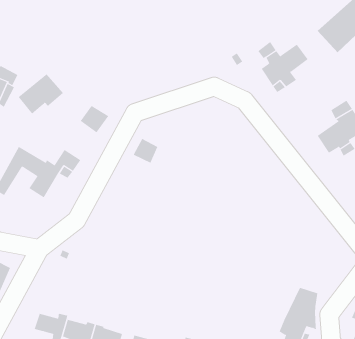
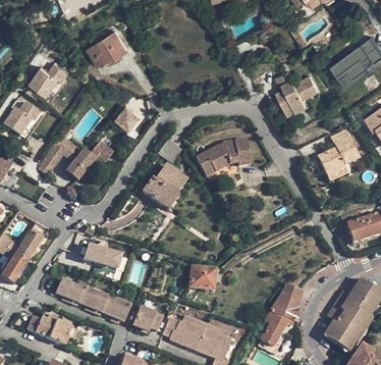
building: [18,73,64,115] -> [88,31,127,64]
building: none -> [196,137,252,175]
building: none -> [143,164,185,209]
building: none -> [84,239,124,267]
building: none -> [188,266,217,290]

